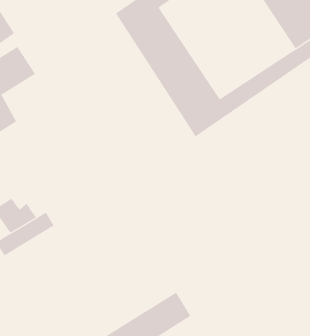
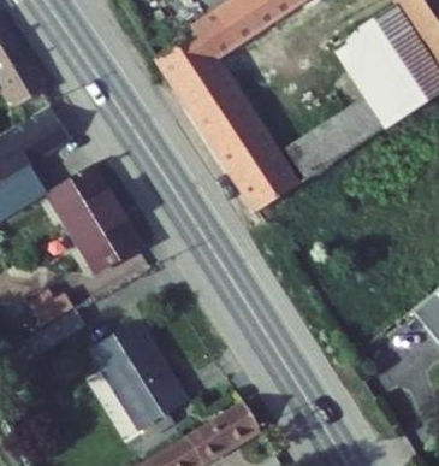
building: none -> [43,170,134,269]
building: none -> [77,324,174,432]

